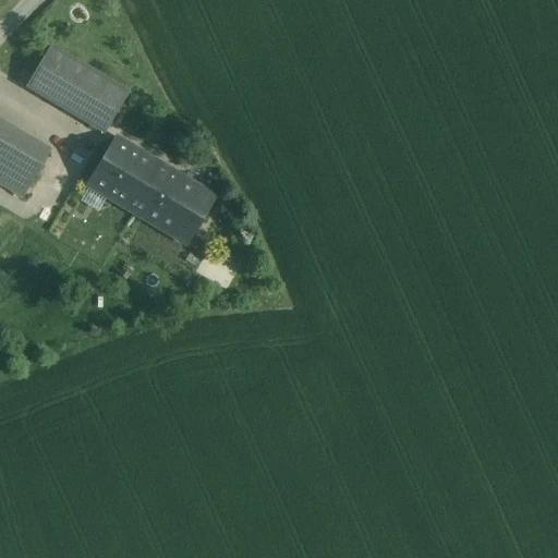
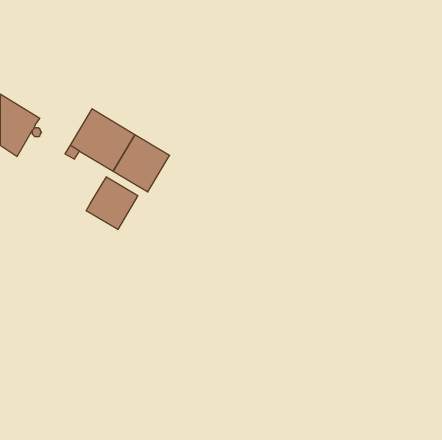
building: [27,46,128,131] -> none
building: none -> [86,177,138,230]

